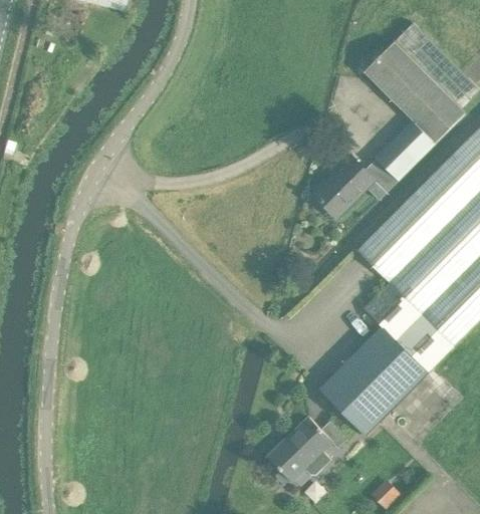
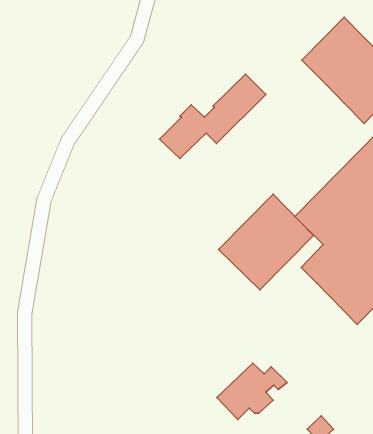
building: [315,120,437,217] -> [160,74,266,158]
building: [320,326,429,436] -> [219,194,313,290]

